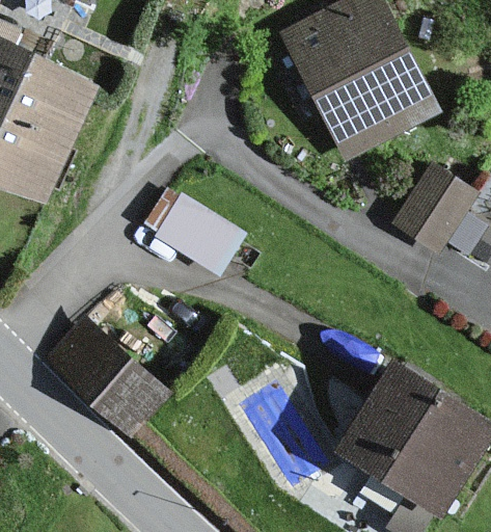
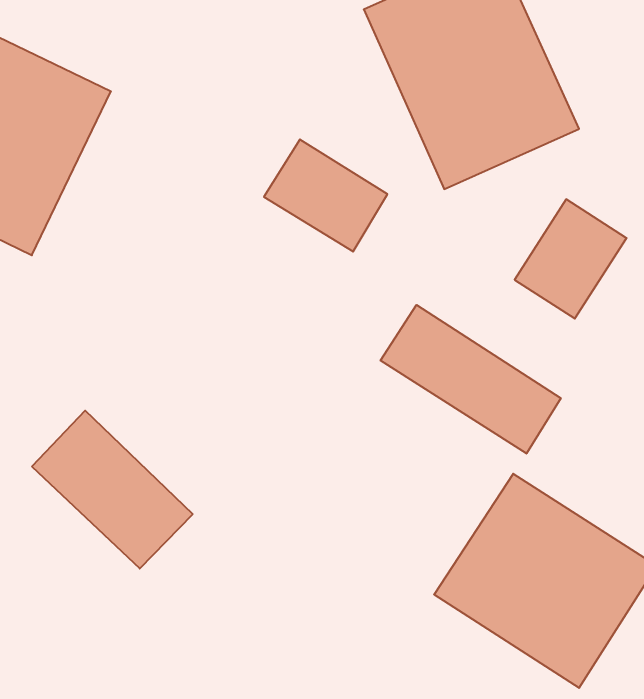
building: [155,184,244,265] -> [264,139,387,252]
building: none -> [381,305,561,454]

